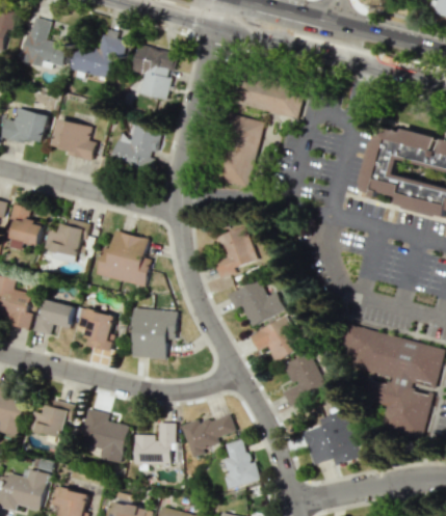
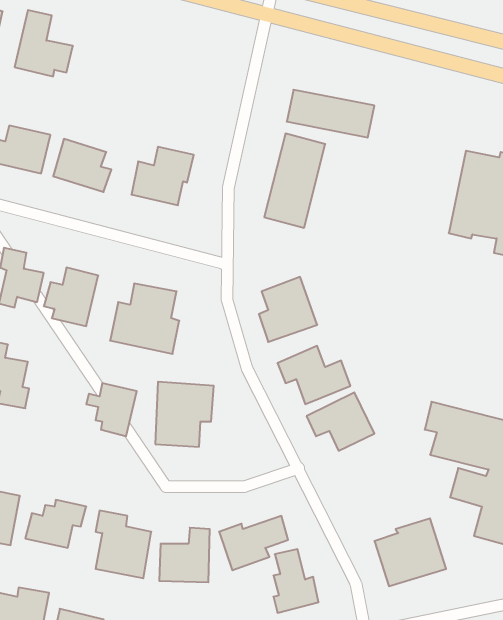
building: [70,31,124,80] -> none
building: [131,44,177,100] -> none
building: [32,300,75,334] -> none
building: [283,351,329,409] -> none

